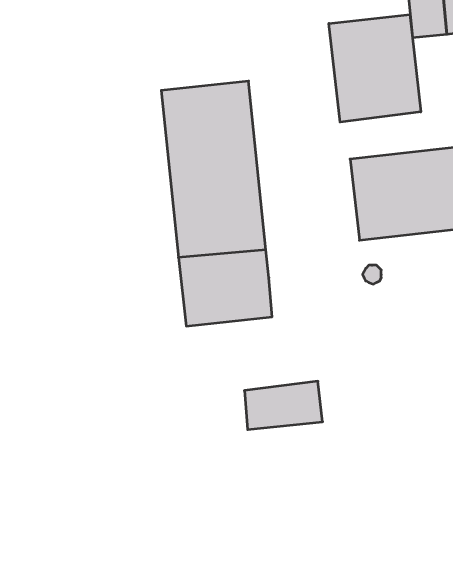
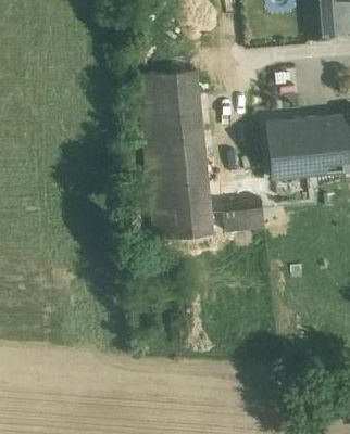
building: [329,14,421,122] -> none
building: [244,381,323,430] -> [211,197,265,231]

